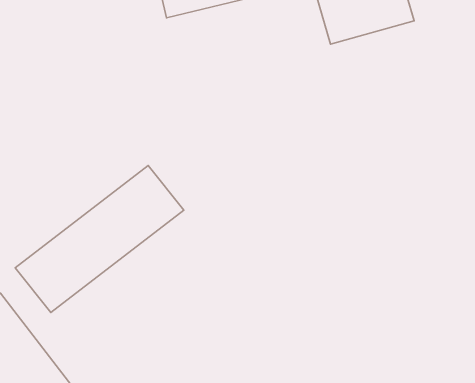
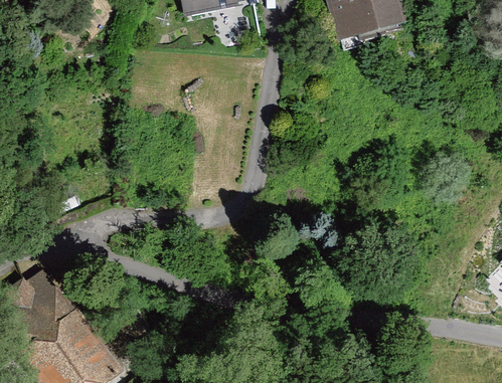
building: [15,166,184,313] -> none

